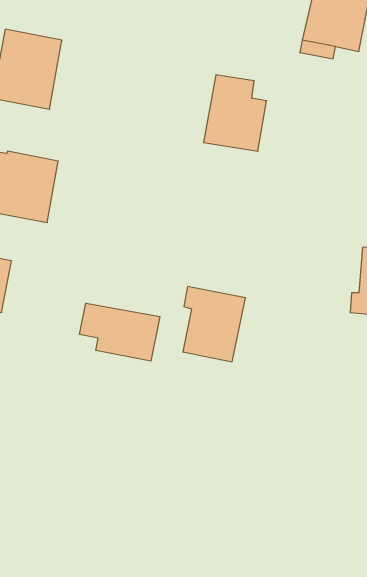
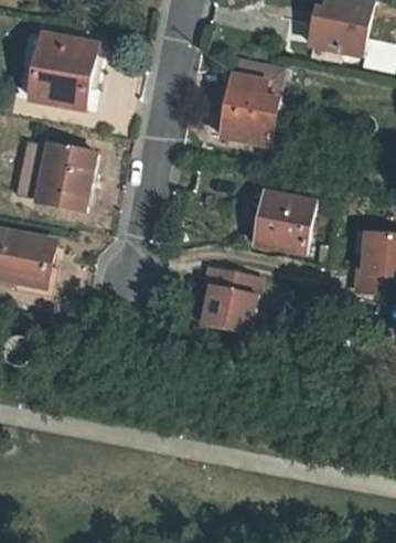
building: none -> [255,192,313,252]
building: [79,303,160,361] -> none

